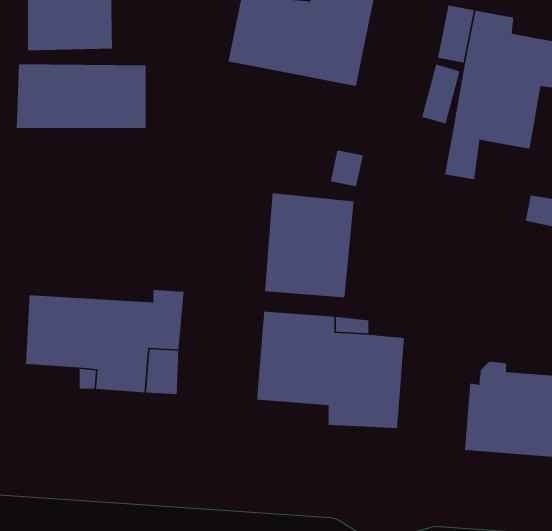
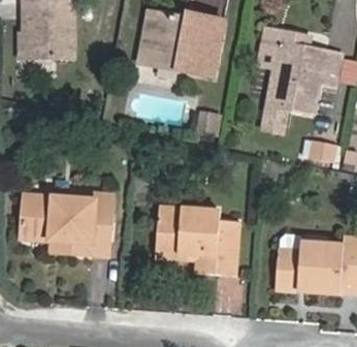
building: [16,63,146,129] -> none
building: [264,193,355,298] -> none

